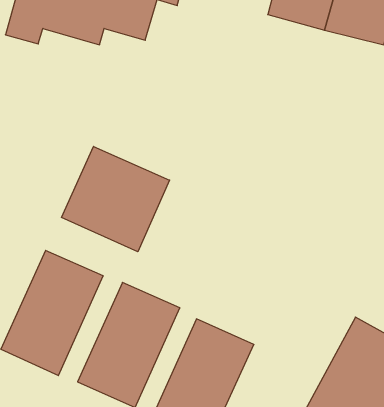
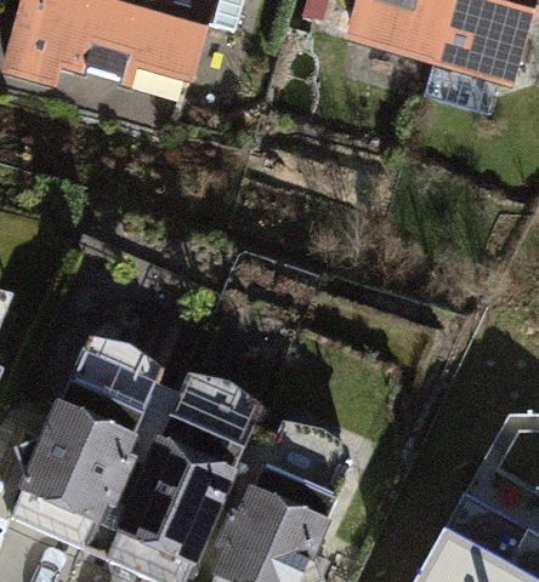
building: [61,146,170,252] -> none

